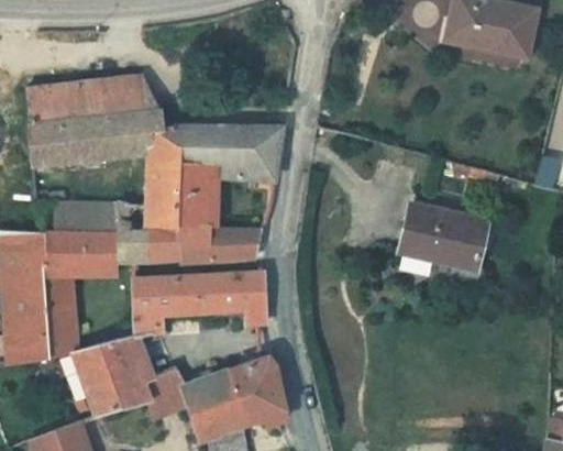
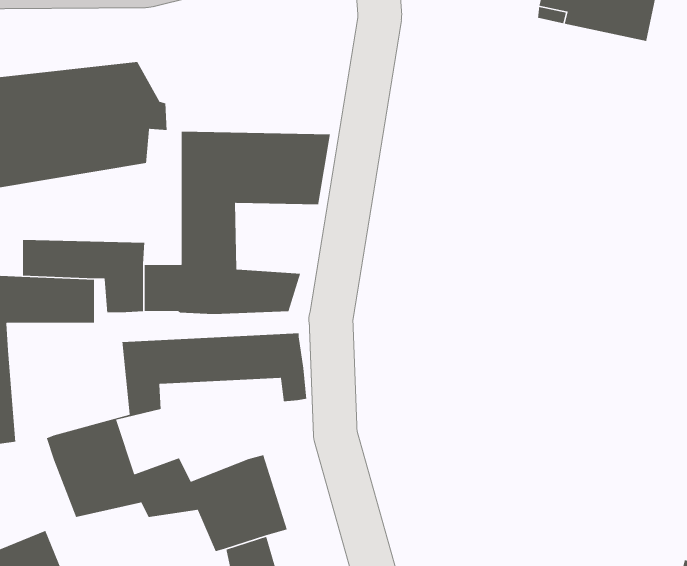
building: [147,124,175,224] -> none
building: [410,206,488,266] -> none
building: [47,287,80,356] -> none
building: [236,355,277,433] -> none

